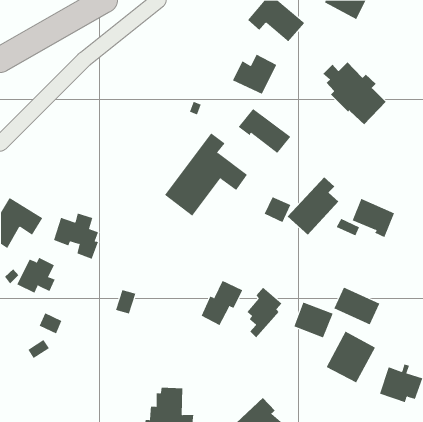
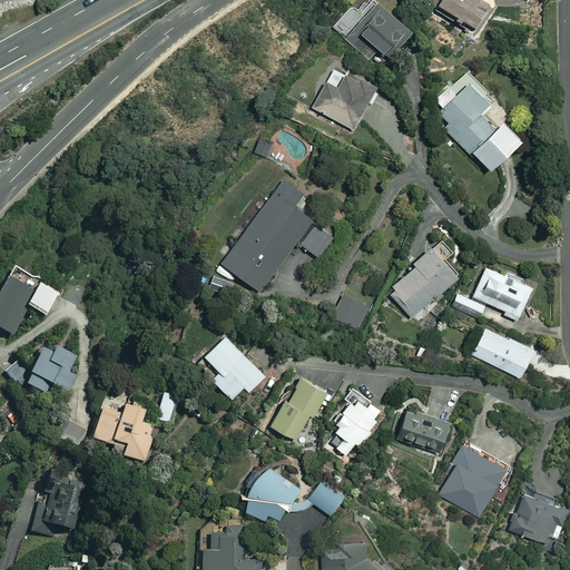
building: [238,108,291,154] -> none
building: [264,196,291,223] -> [333,295,370,331]
building: [53,213,99,259] -> [92,399,154,461]
building: none -> [204,335,265,400]
building: [334,287,380,325] -> [471,327,533,379]
building: none -> [244,464,345,522]
building: none -> [30,484,78,538]

